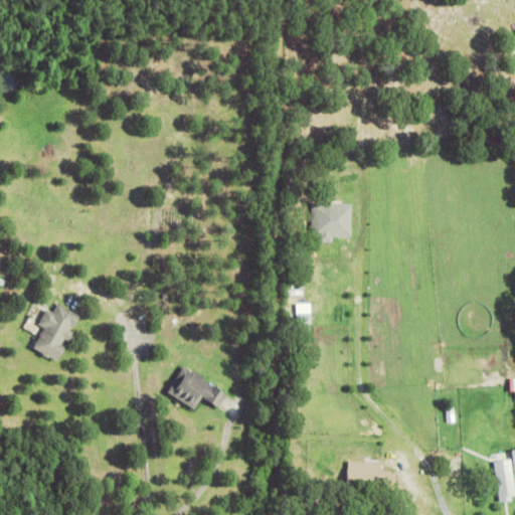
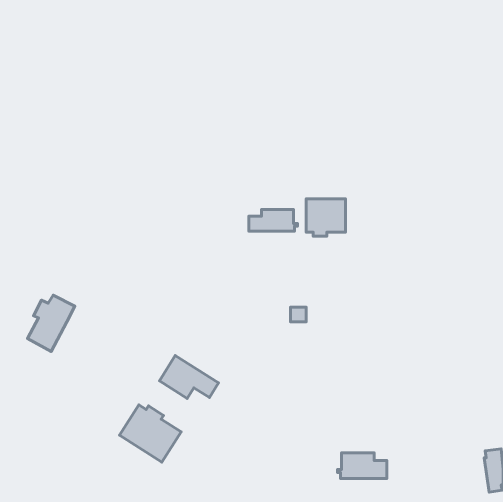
building: none -> [249,210,297,231]
building: none -> [119,405,181,462]

